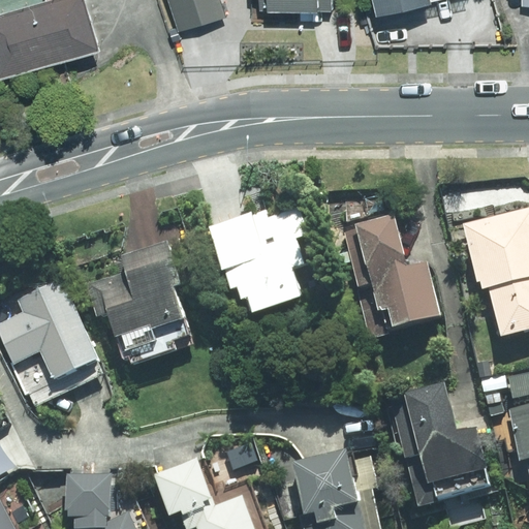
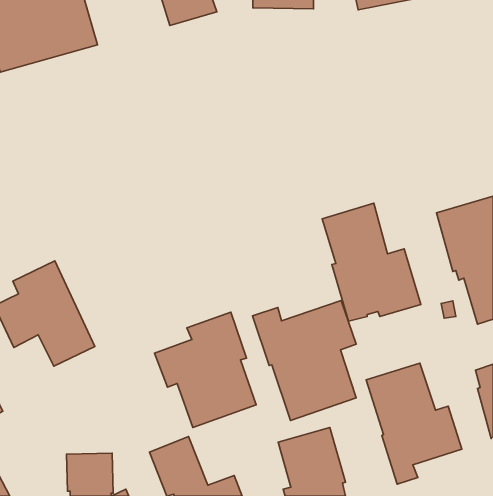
building: [209,206,312,322] -> none
building: [85,244,192,366] -> [155,312,256,427]
building: none -> [252,301,356,421]

